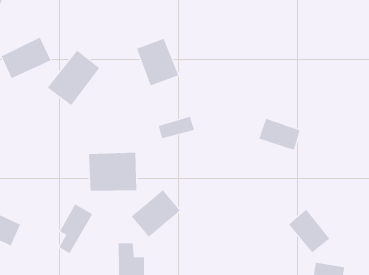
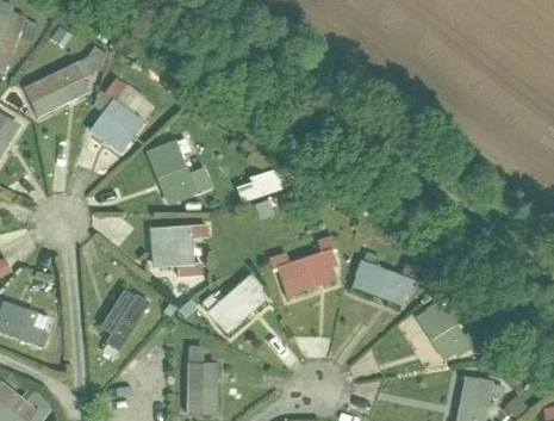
building: [136,38,179,86] -> [147,138,205,204]
building: [259,118,301,150] -> [356,262,413,307]
building: none -> [273,235,342,298]

